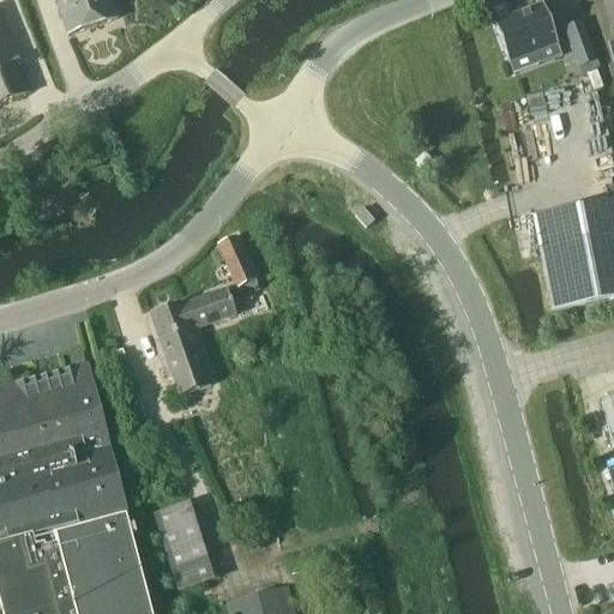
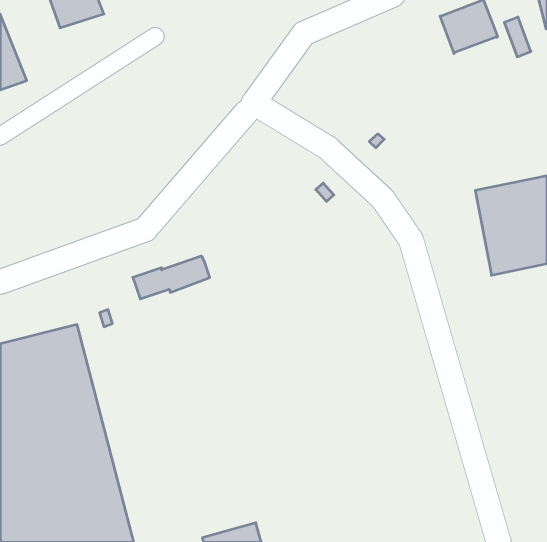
building: [213,235,257,293] -> none
building: [157,324,210,393] -> none
building: [155,500,217,586] -> none

